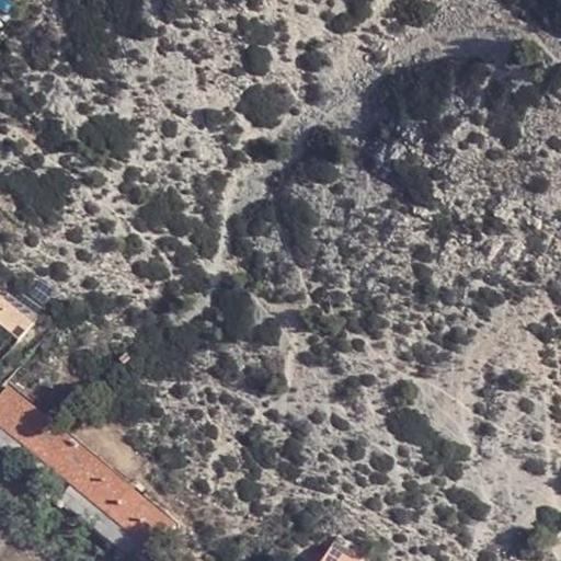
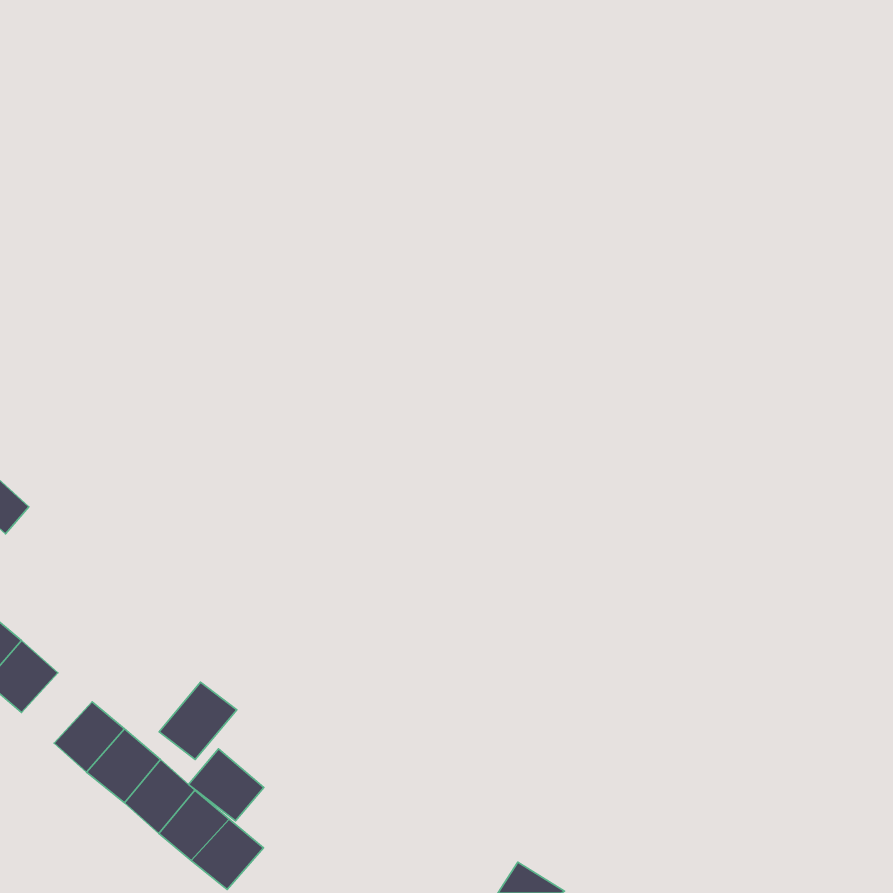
building: [13,409,56,451] -> none
building: none -> [159,682,237,760]
building: none -> [188,749,264,821]

